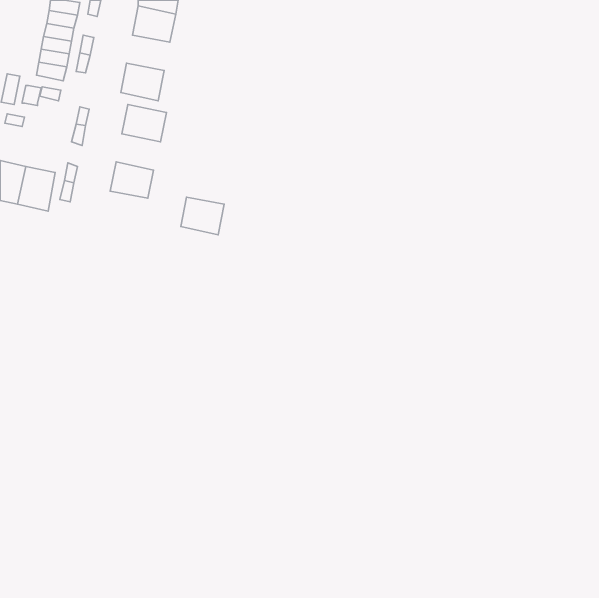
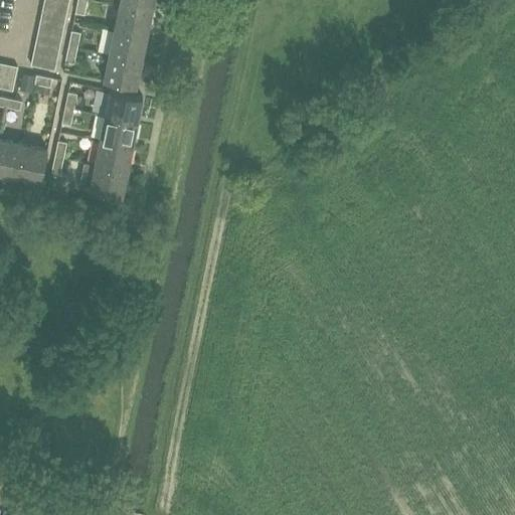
building: none -> [109,31,146,61]
building: none -> [100,116,138,147]
building: [181,197,224,235] -> [90,165,127,197]

